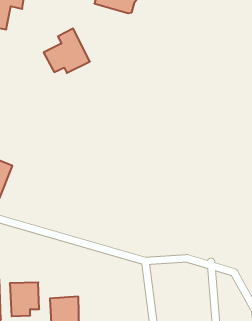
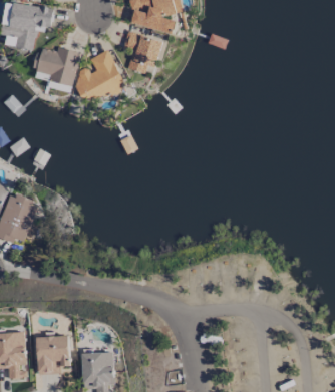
building: none -> [122,31,163,74]
building: none -> [34,47,80,86]

